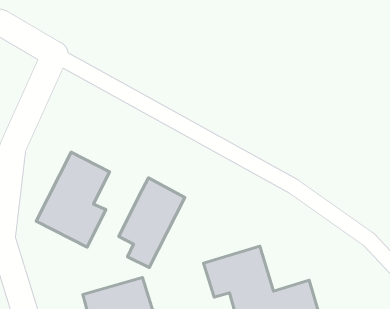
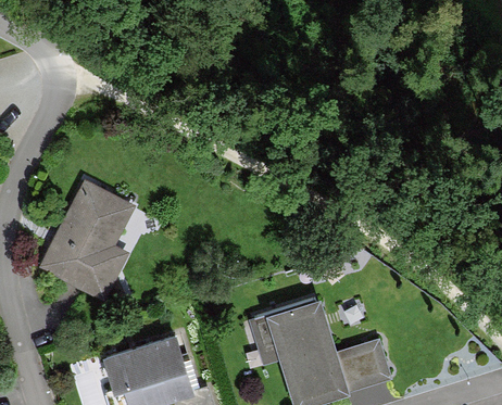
building: [119,178,185,268] -> none

